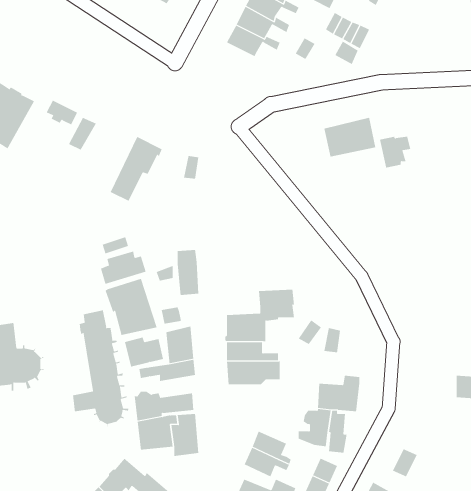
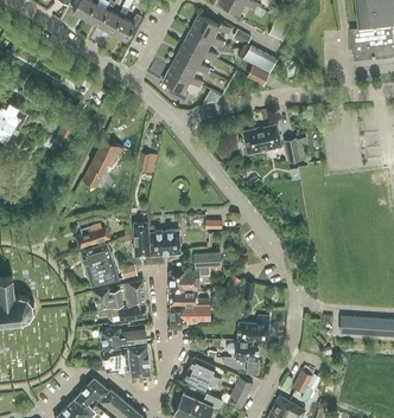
building: none -> [163,69,203,102]
building: none -> [150,226,180,256]
building: [72,310,129,427] -> none

